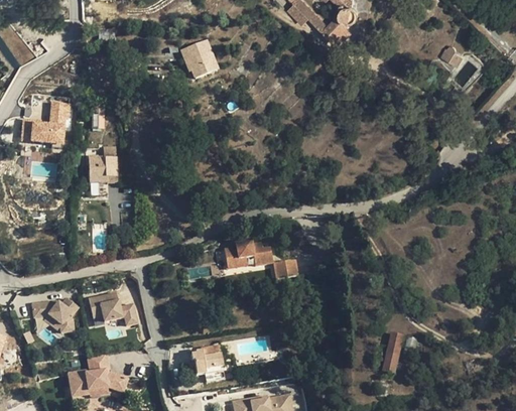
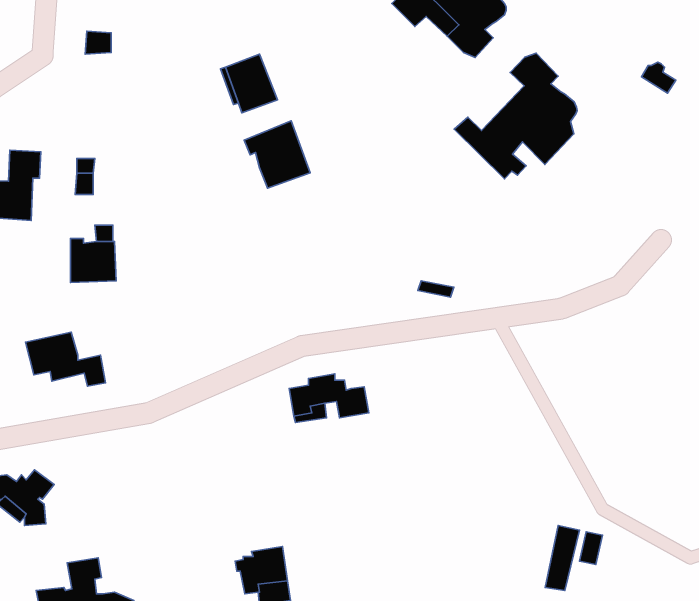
building: none -> [454,53,577,179]
building: none -> [244,121,310,188]
building: [273,259,297,279] -> none
building: [88,292,137,325] -> [26,332,106,386]

